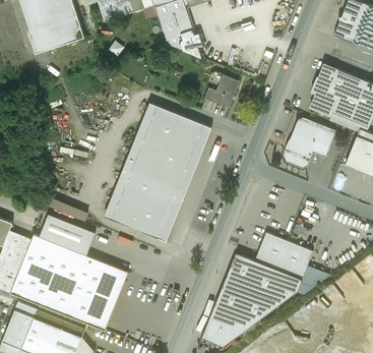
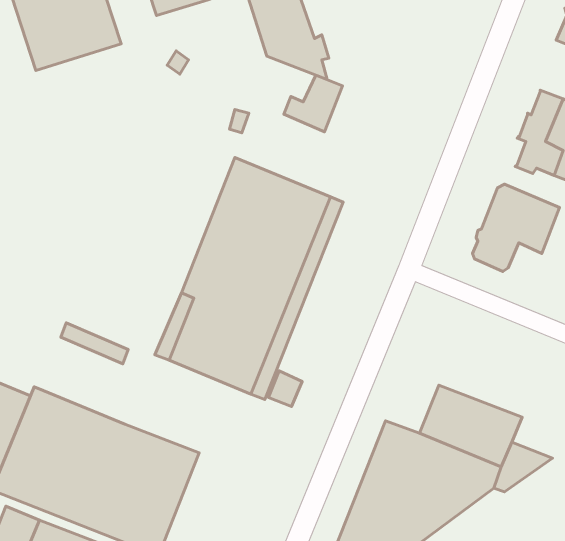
building: [204,75,238,108] -> [284,75,342,132]
building: [39,214,95,255] -> none

